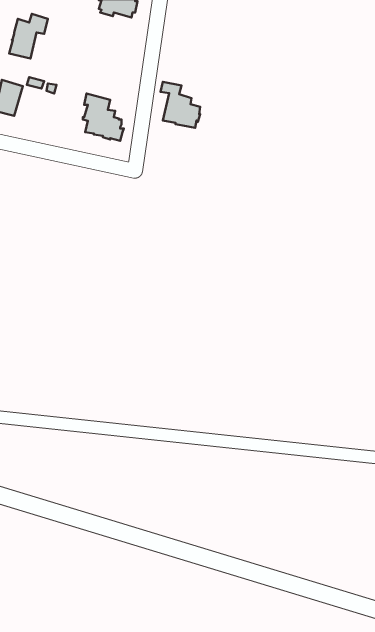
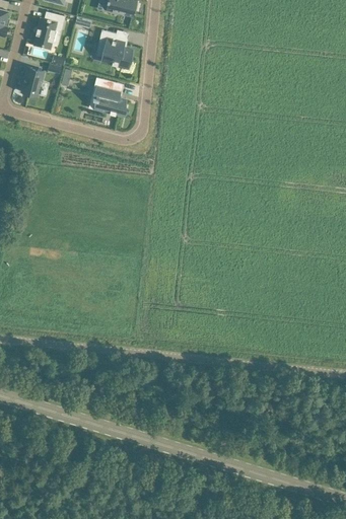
building: [160,82,200,128] -> [98,29,131,67]

